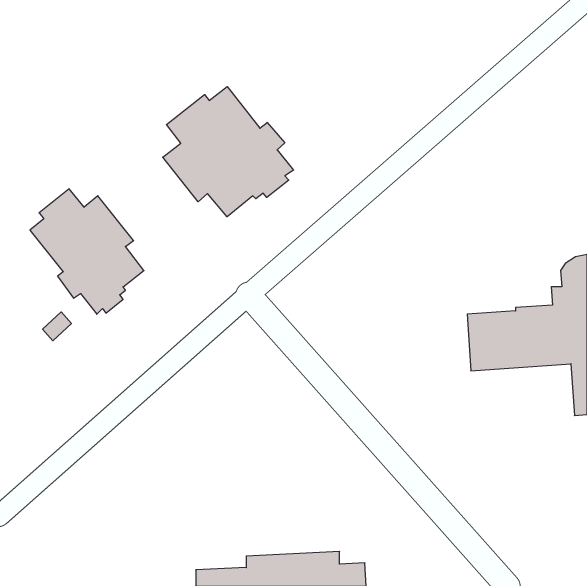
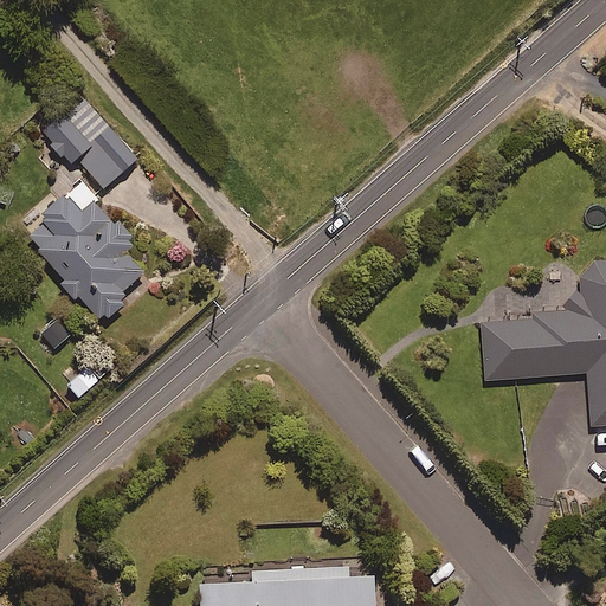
building: [163,87,294,217] -> none
building: none -> [41,95,137,188]

